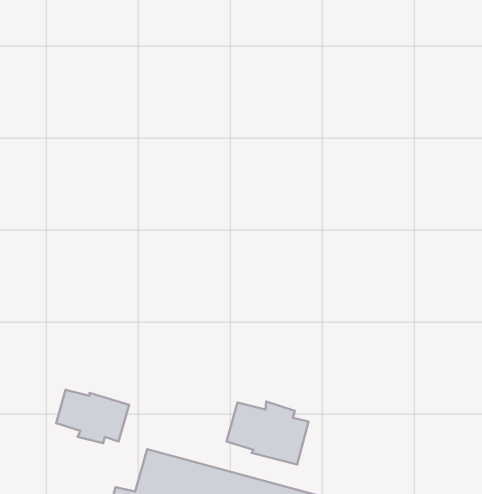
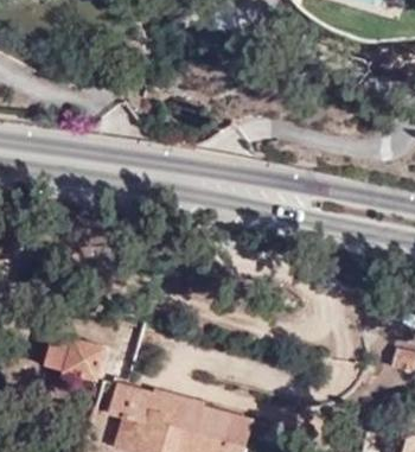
building: [226,401,309,464] -> none

